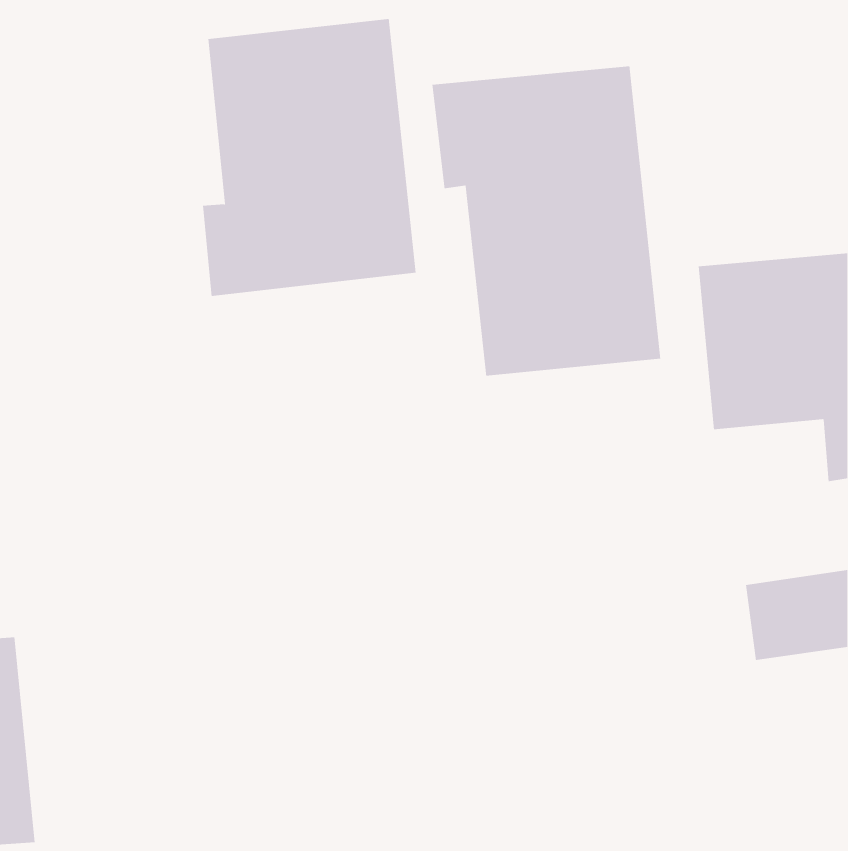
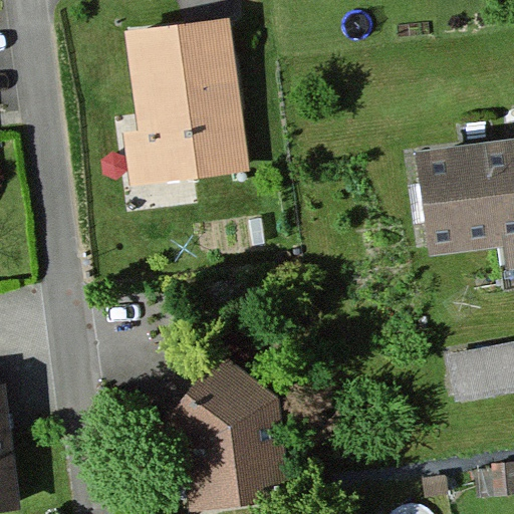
building: [432,65,661,377] -> none
building: none -> [171,348,295,508]

